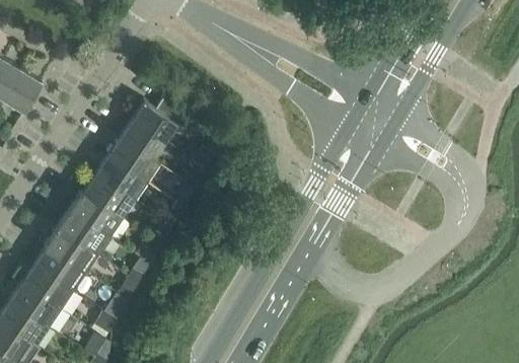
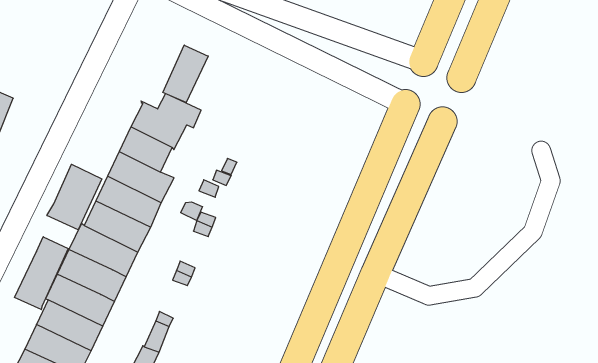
building: none -> [163,45,208,103]
building: none -> [47,164,102,230]
building: none -> [15,237,68,310]

